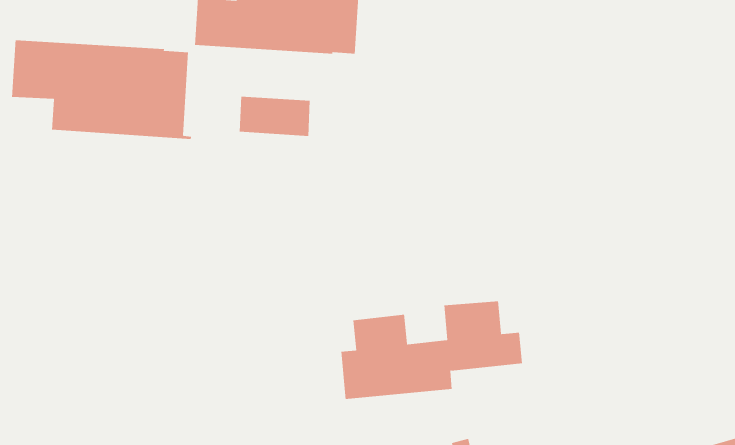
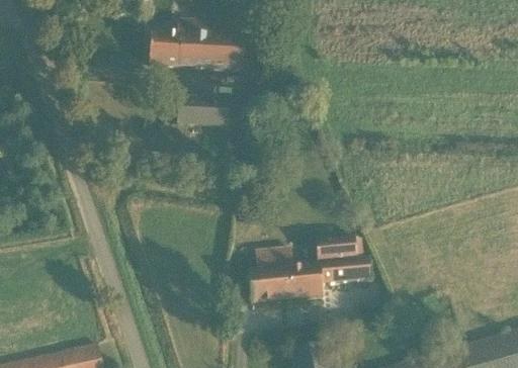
building: [11,40,192,140] -> none

